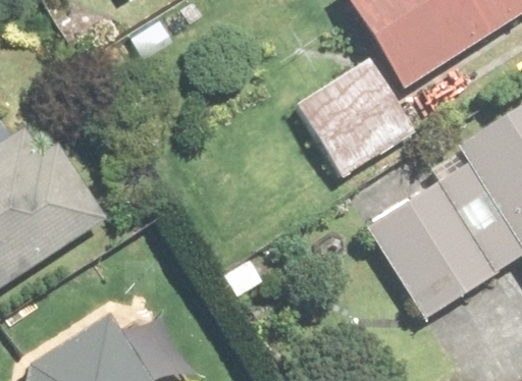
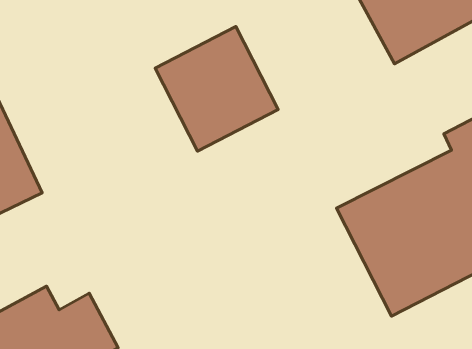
building: [296,58,410,173] -> [155,27,278,151]

